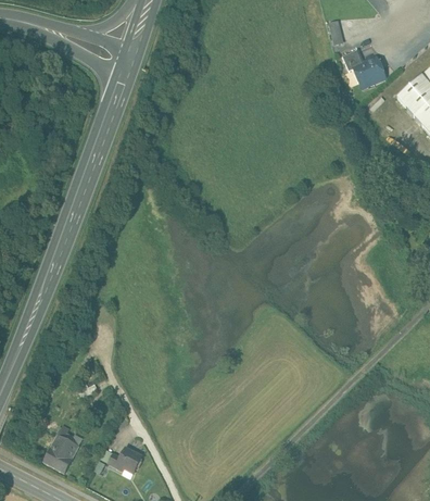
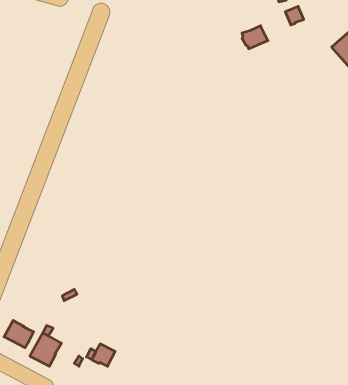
building: [355,59,385,86] -> [242,26,268,49]
building: none -> [4,320,34,348]

